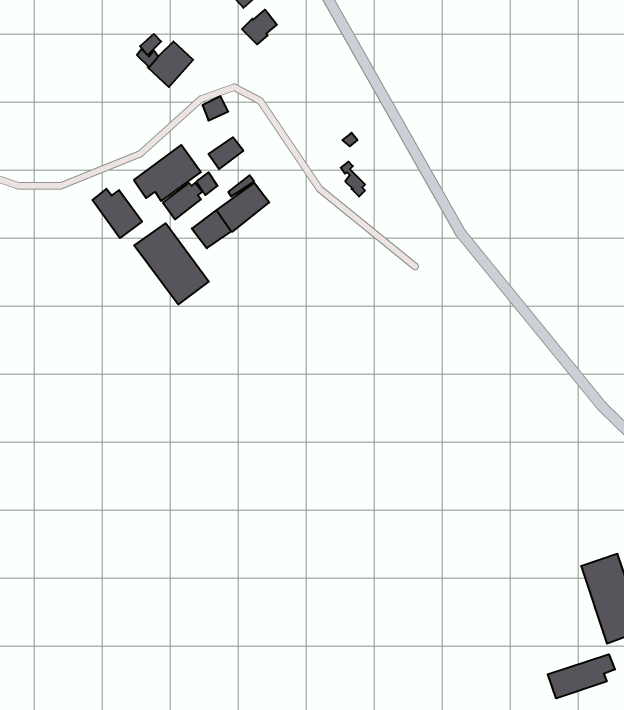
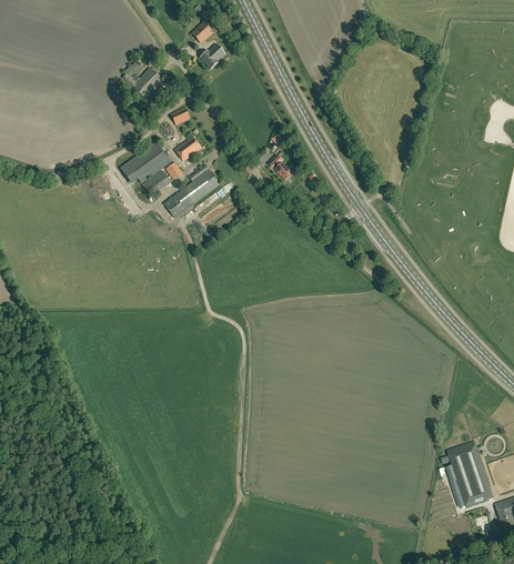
building: [92,189,142,238] -> none
building: [134,223,209,304] -> none
building: [548,654,615,698] -> none

